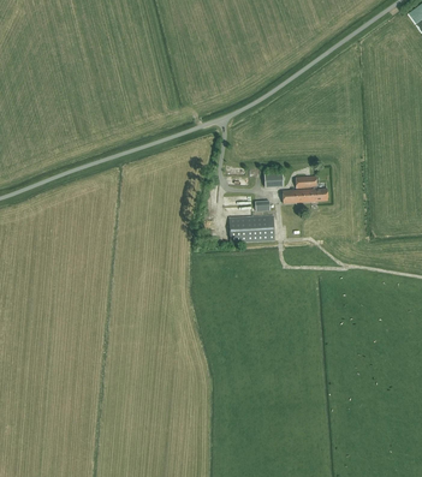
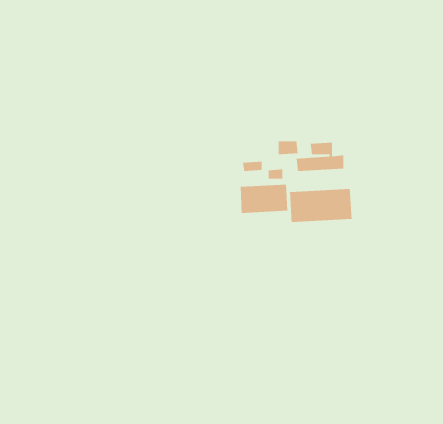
building: none -> [289,188,352,223]

